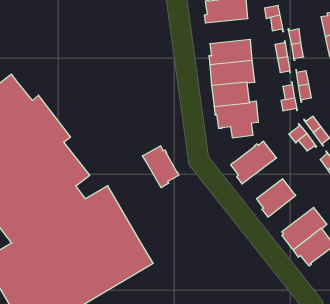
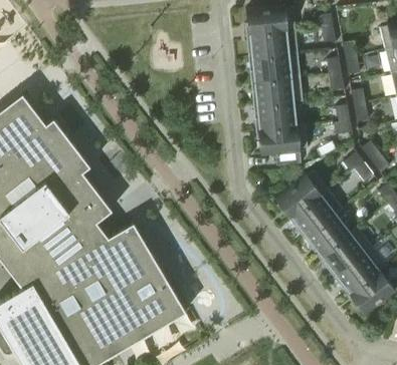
building: none -> [246,31,299,60]
building: [142,146,179,188] -> none
building: none -> [288,197,336,239]
building: none -> [319,229,372,277]

